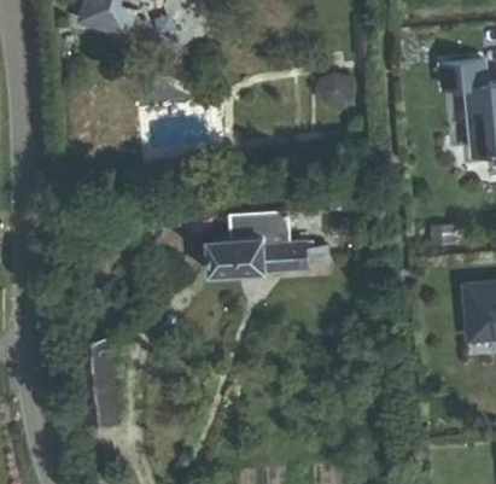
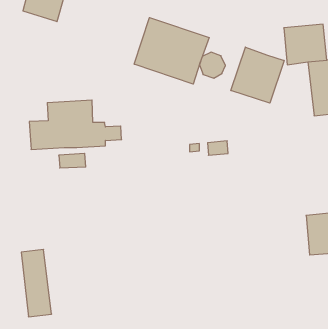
building: none -> [134,18,209,84]
building: none -> [231,47,284,103]
building: [204,208,328,274] -> [29,100,122,149]

